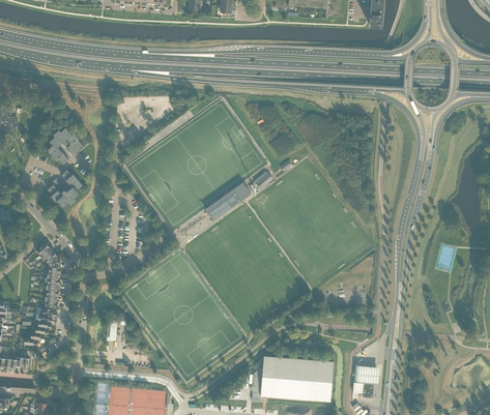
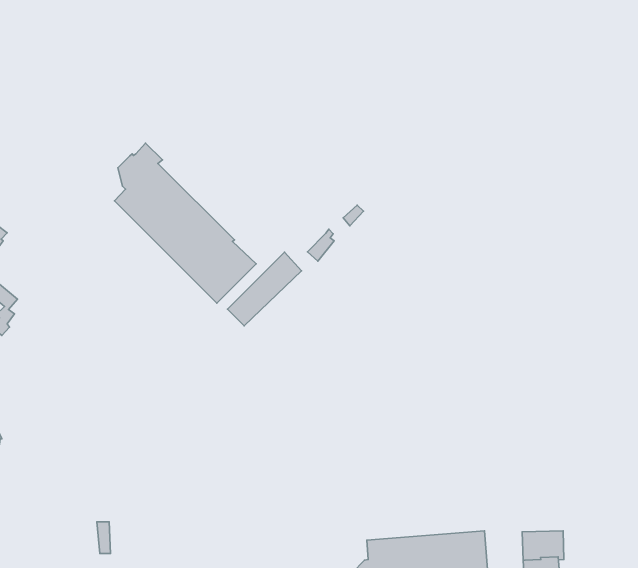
building: none -> [115,143,256,303]

